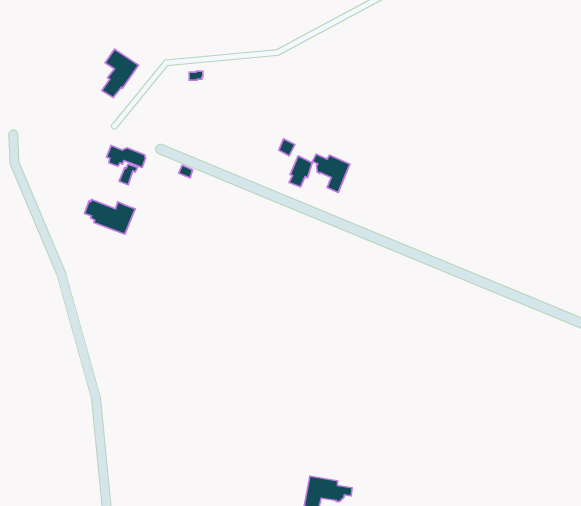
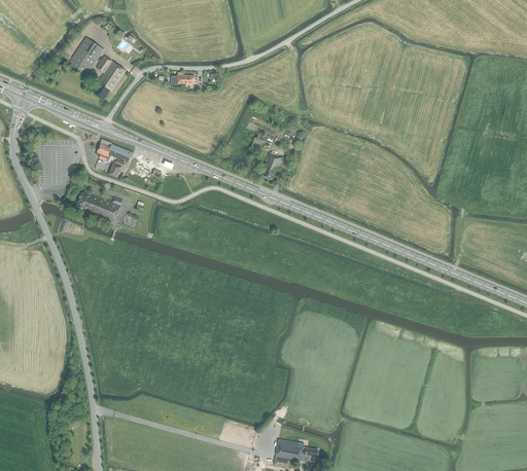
building: none -> [69,37,104,74]
building: [313,154,350,192] -> none

